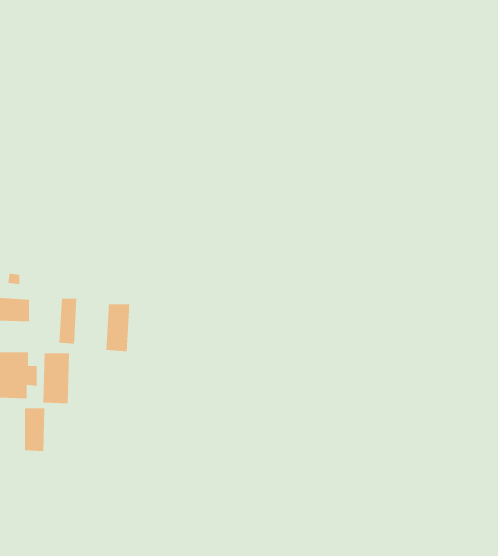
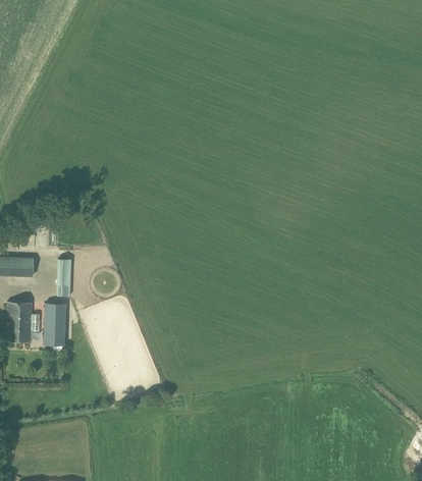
building: [106,303,130,352] -> none
building: [25,408,45,452] -> none

